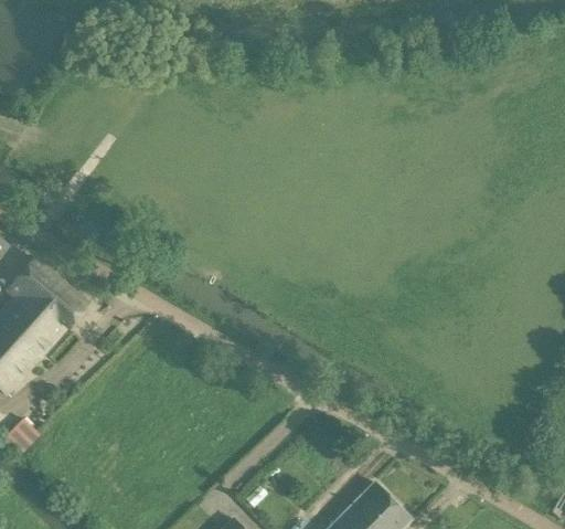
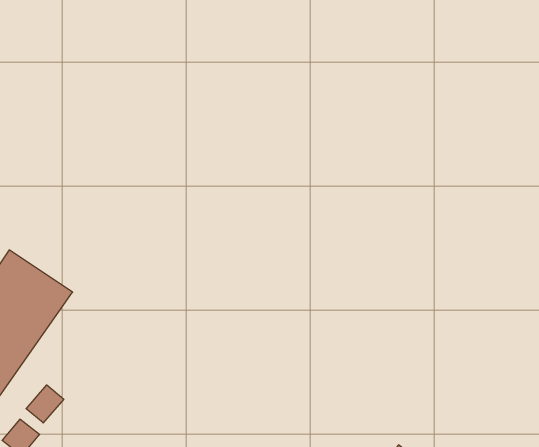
building: none -> [26,385,64,423]

